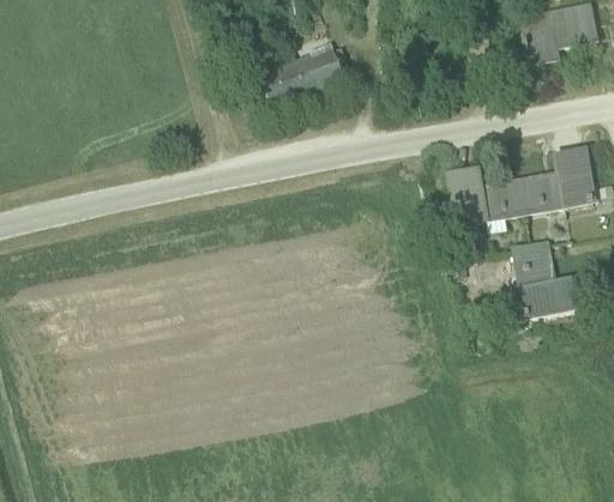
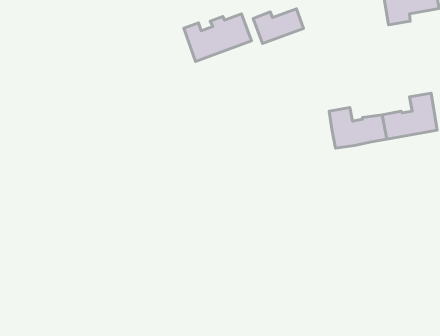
building: none -> [253,9,303,43]
building: [507,240,576,313] -> none

